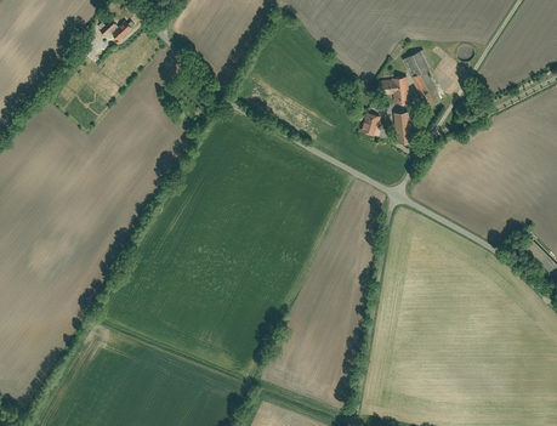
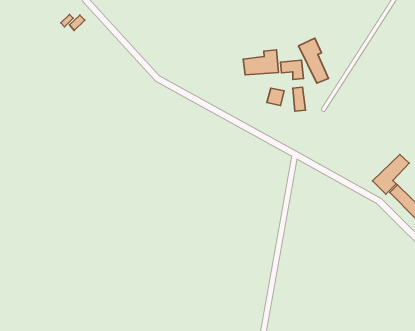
building: none -> [243,50,278,75]
building: none -> [373,154,409,194]

